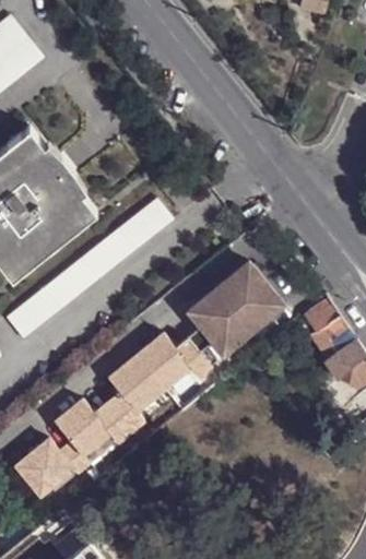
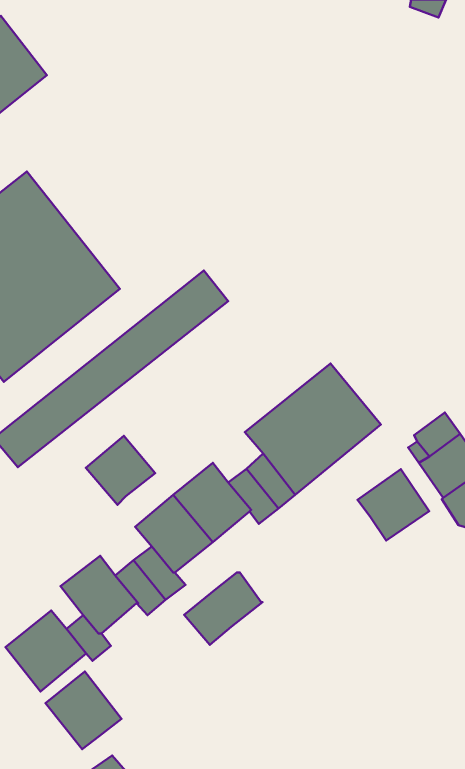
building: none -> [86,436,155,505]
building: none -> [357,469,429,540]
building: none -> [184,572,263,645]
building: none -> [45,671,121,749]

